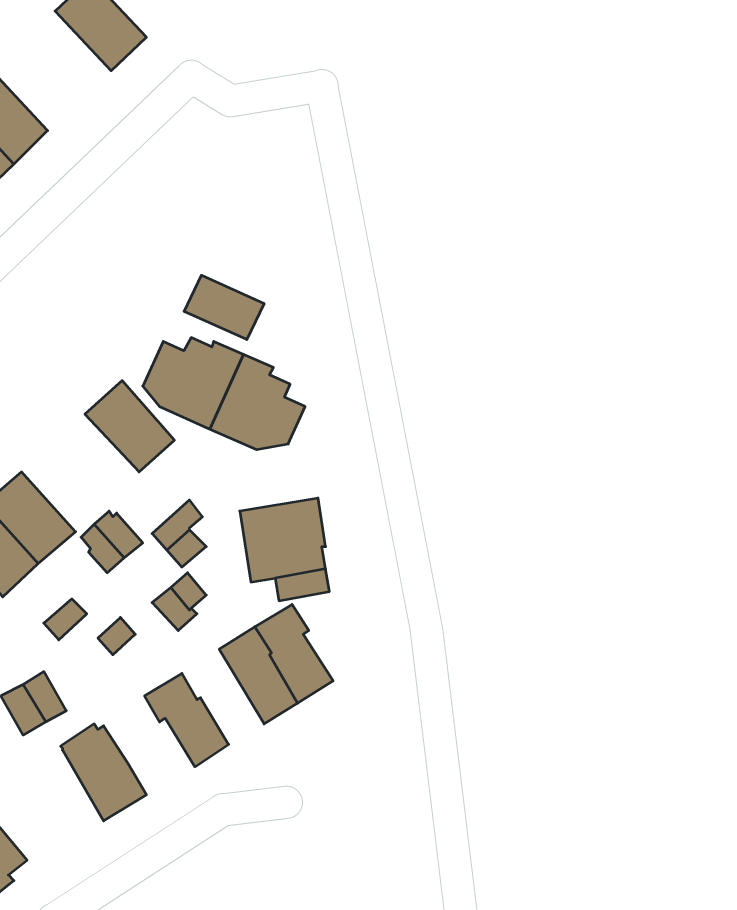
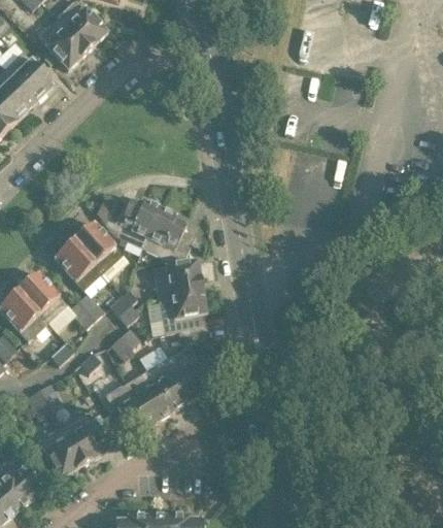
building: none -> [37,18,88,69]
building: [184,275,264,340] -> none
building: none -> [54,240,103,290]
building: none -> [154,260,202,294]
building: none -> [127,370,172,423]
building: none -> [37,426,83,478]

